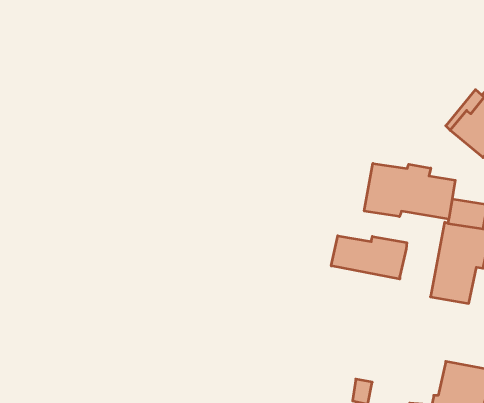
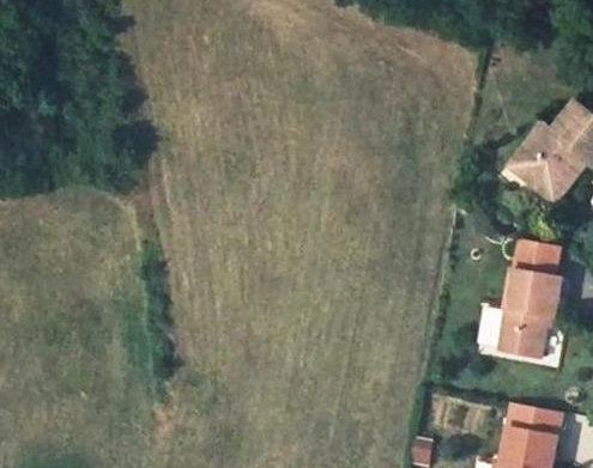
building: [364,163,455,219] -> none
building: [331,236,407,279] -> none

